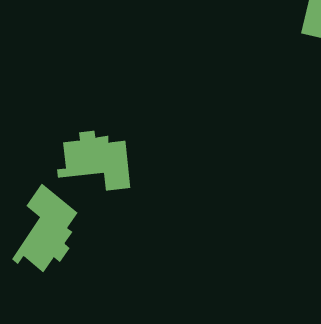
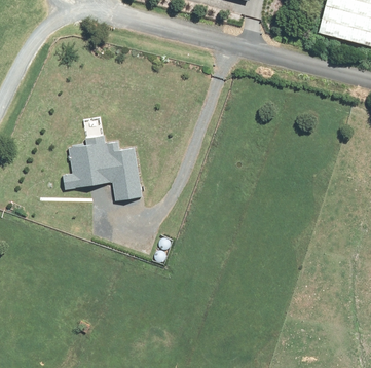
building: [11,182,78,274] -> none

